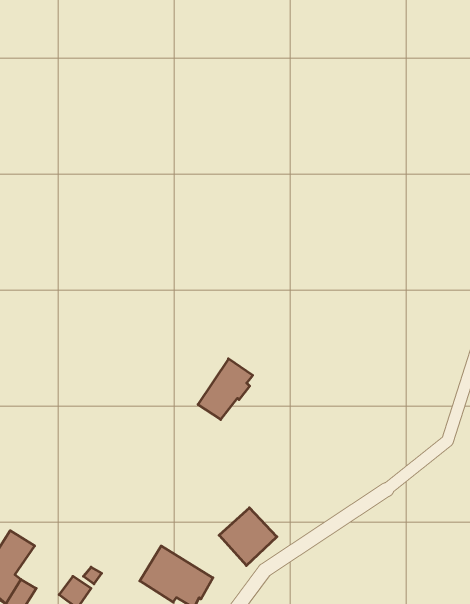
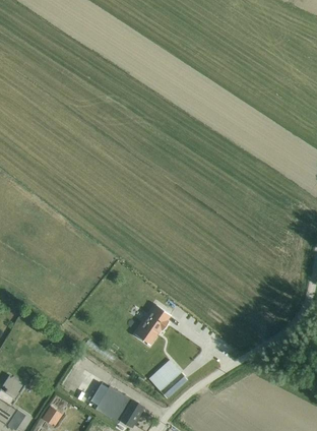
building: [198,359,253,420] -> [134,304,171,345]

